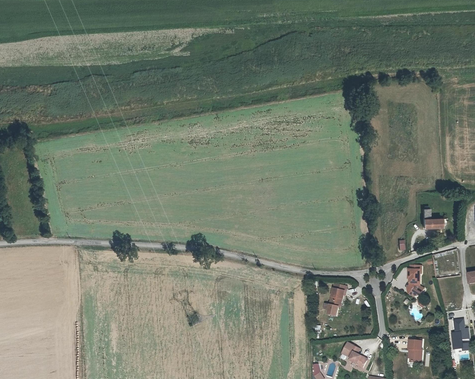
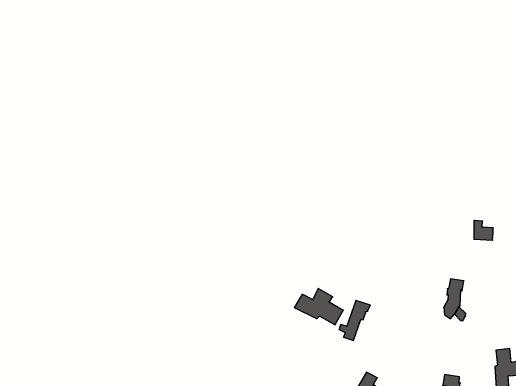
building: none -> [294,288,343,325]

